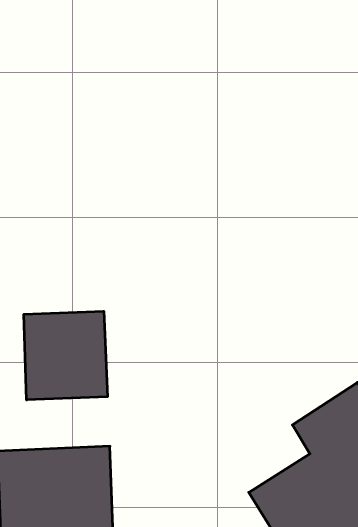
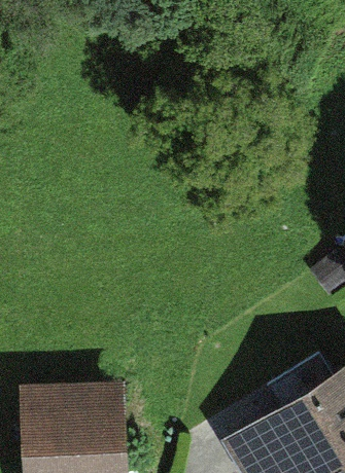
building: [24,311,107,400] -> none

